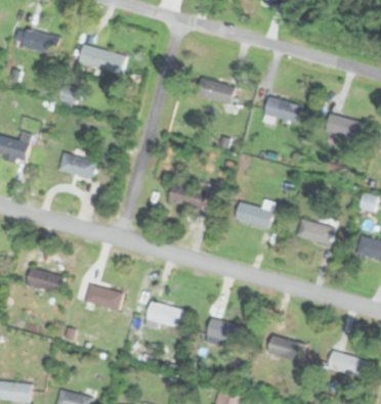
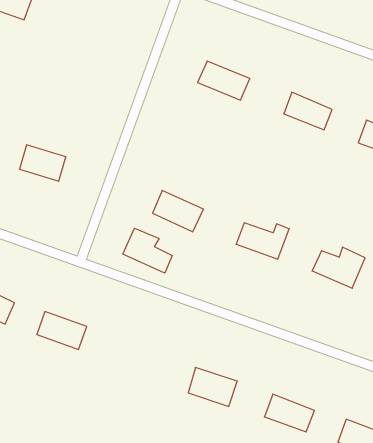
building: [78,44,126,73] -> none
building: none -> [123,228,172,273]
building: [144,300,184,327] -> none

